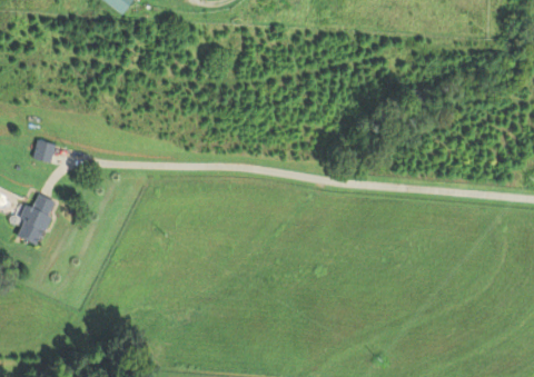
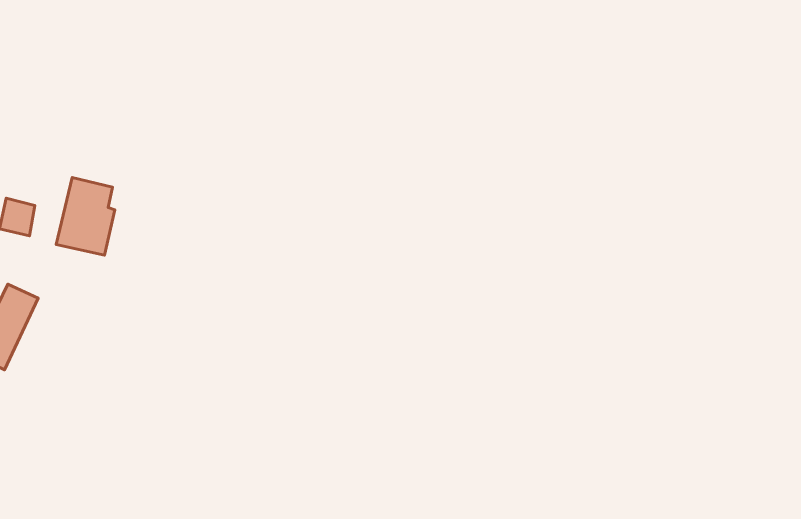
building: none -> [56,177,115,255]

